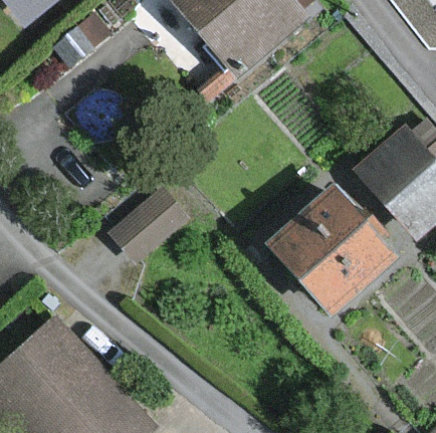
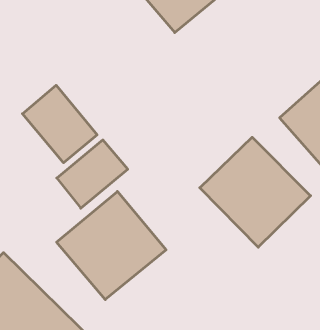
building: none -> [22,85,97,163]
building: none -> [57,191,166,300]

